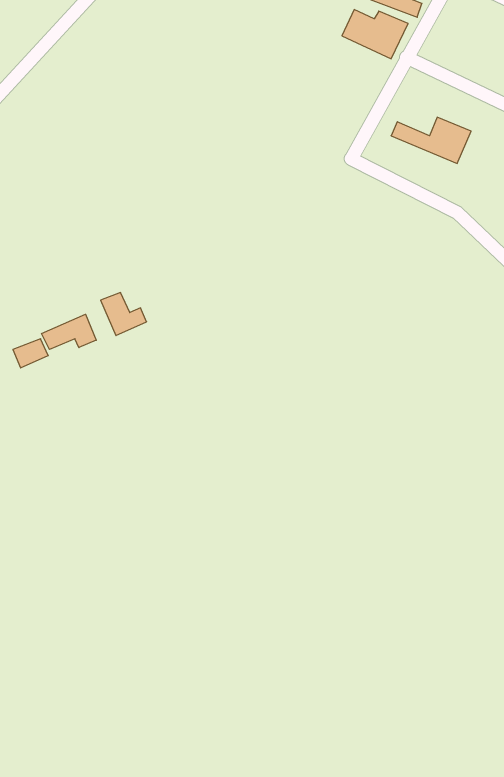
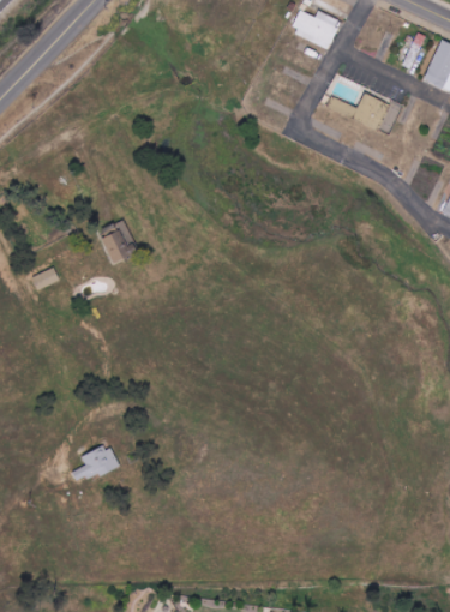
building: [42,314,96,349] -> none
building: none -> [72,444,120,479]

